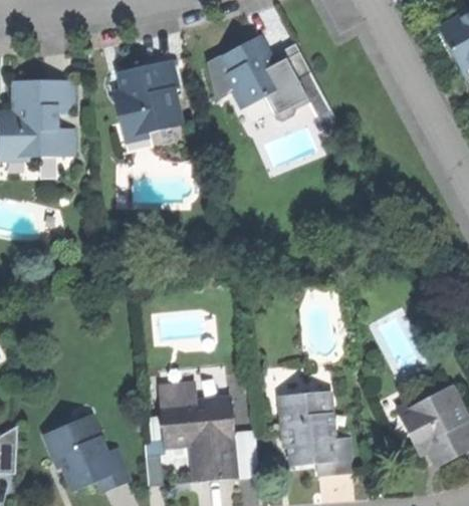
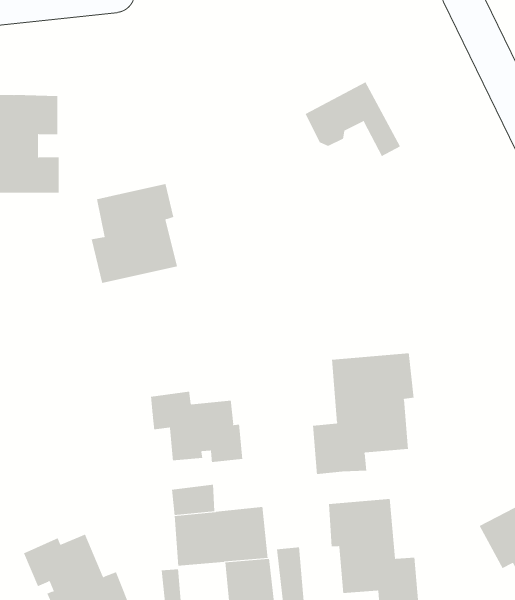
building: [221,36,309,106] -> none
building: [114,60,182,138] -> [91,183,178,283]
building: none -> [312,353,414,475]
building: none -> [150,391,243,463]

